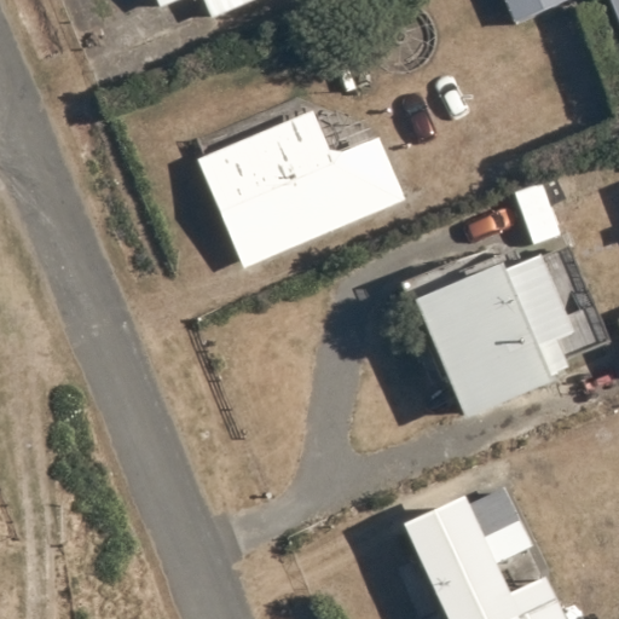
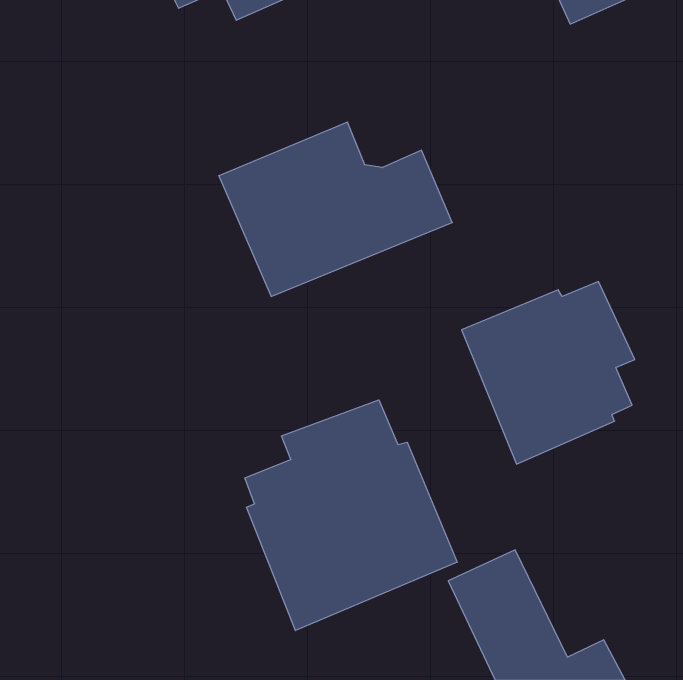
building: none -> [245,400,457,631]

